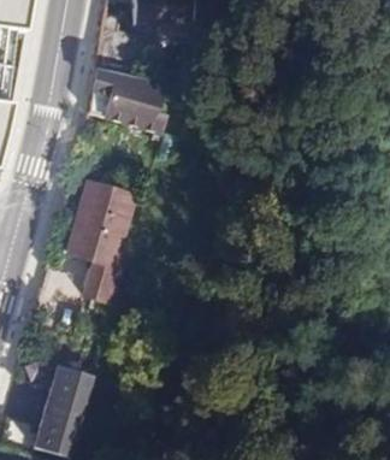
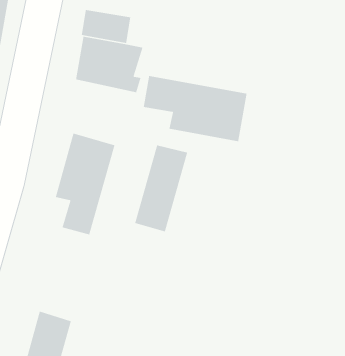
building: none -> [143,75,248,142]
building: none -> [134,144,188,232]

